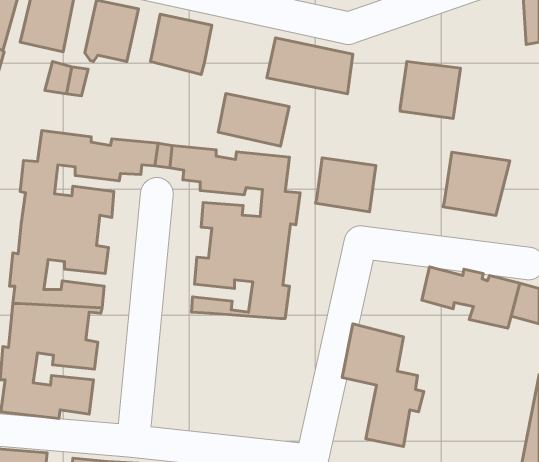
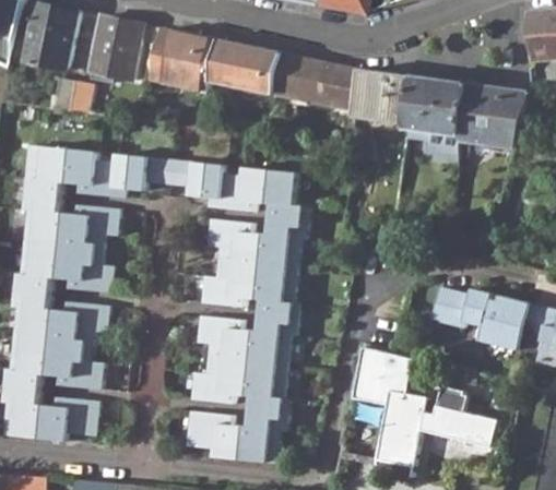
building: [218,94,289,146] -> [211,40,283,94]
building: [443,152,510,216] -> [462,84,530,148]
building: [316,158,376,212] -> [355,70,416,124]
building: none -> [185,332,287,463]
building: none -> [428,384,496,450]

